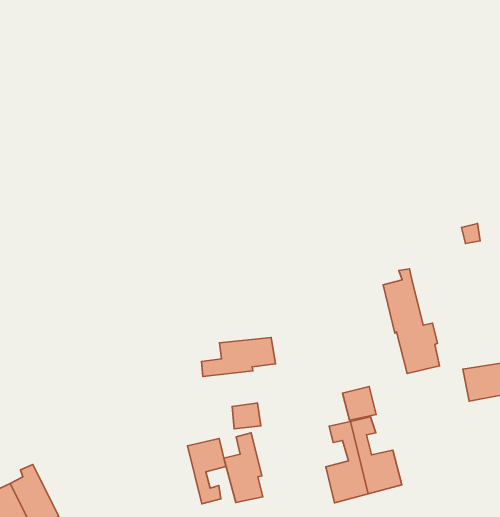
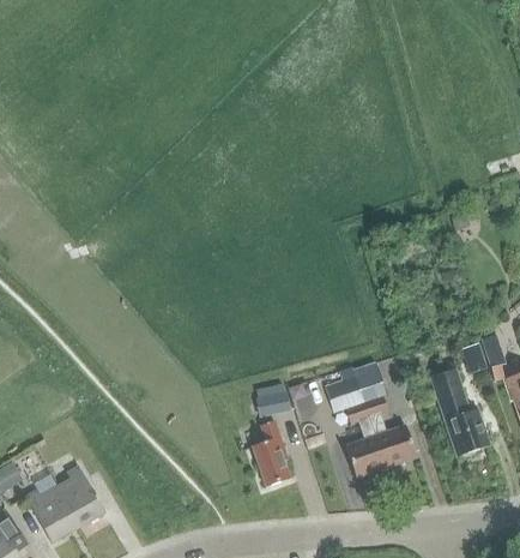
building: [383,269,440,374] -> [430,359,488,455]
building: [202,338,275,376] -> none
building: none -> [325,376,363,412]
building: [187,439,226,504] -> none

